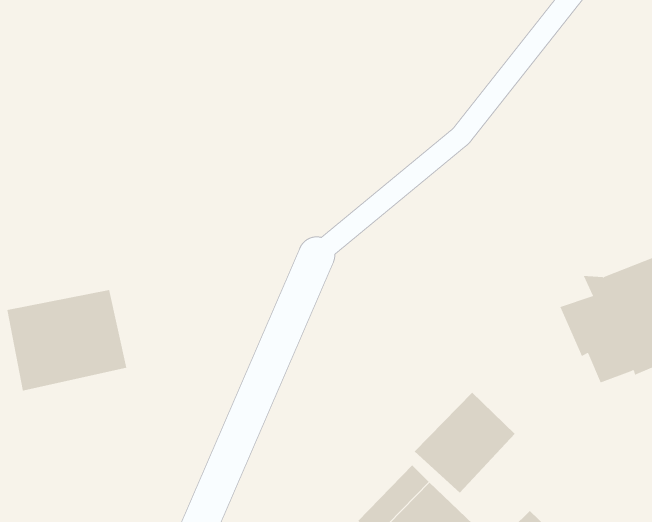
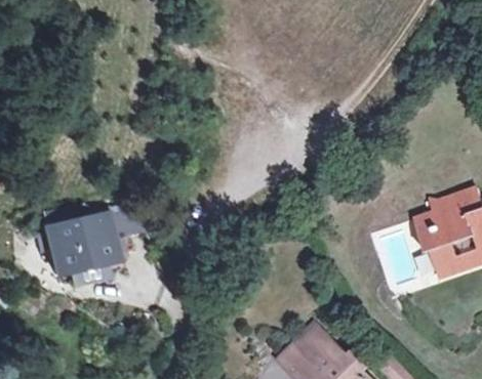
building: [414,392,515,494] -> none

